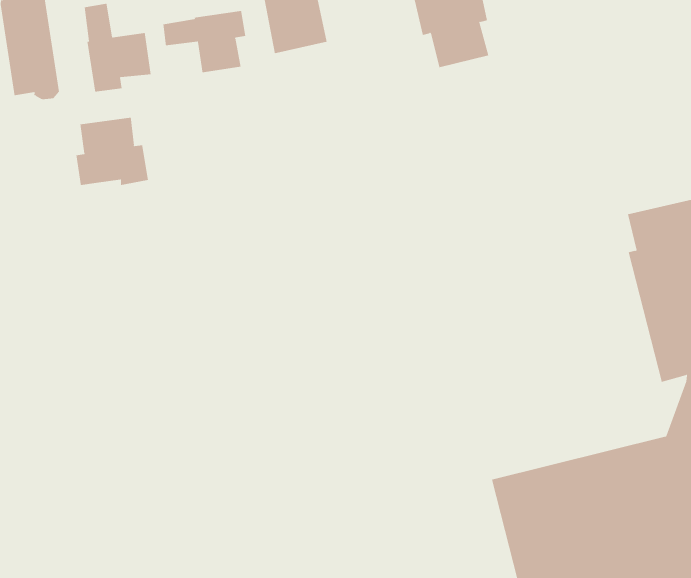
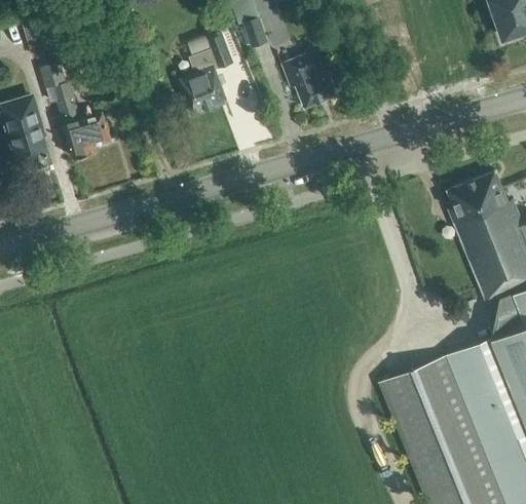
building: [163,10,246,73] -> none
building: [76,117,149,186] -> none

